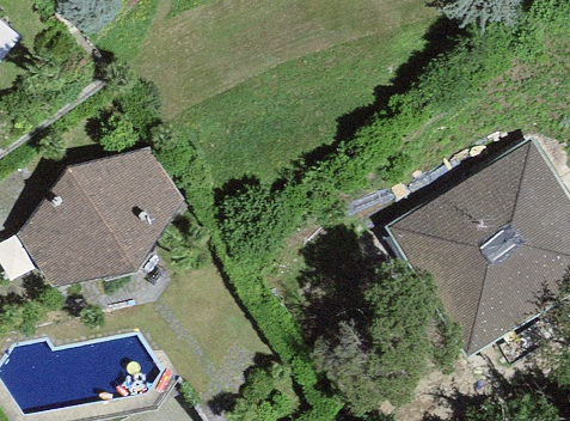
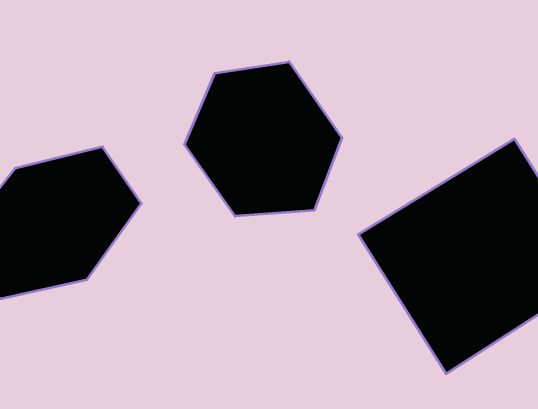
building: none -> [184,62,342,216]

